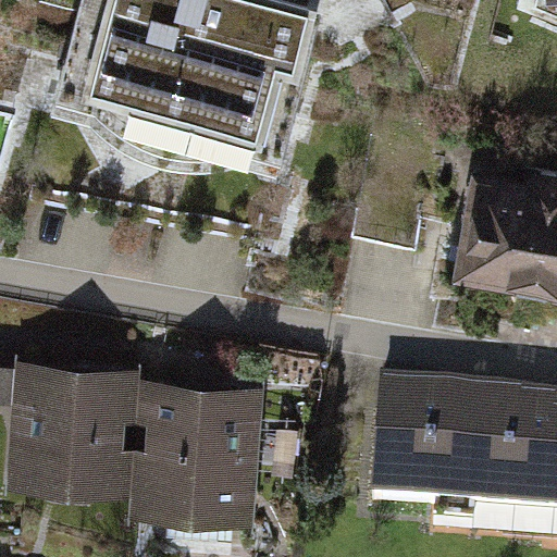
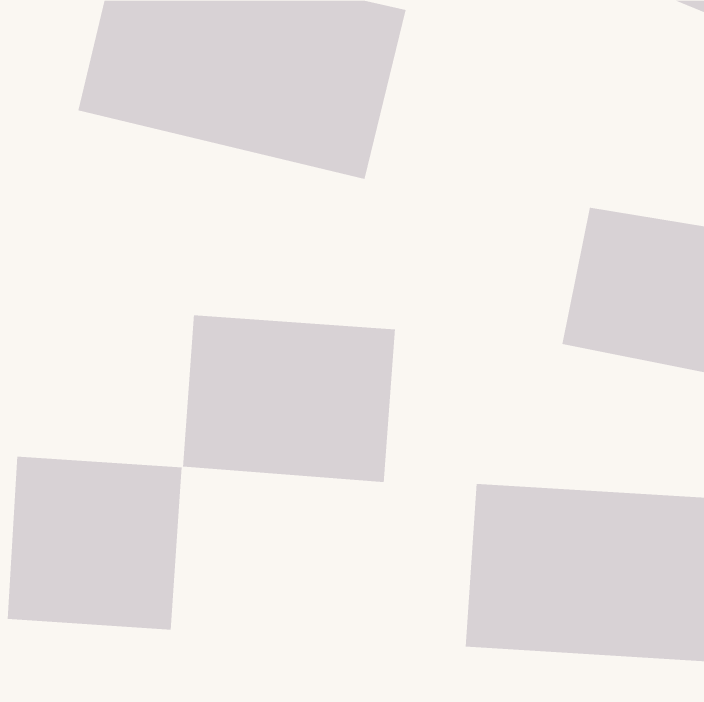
building: none -> [183,315,395,483]
building: [136,386,264,531] -> none

